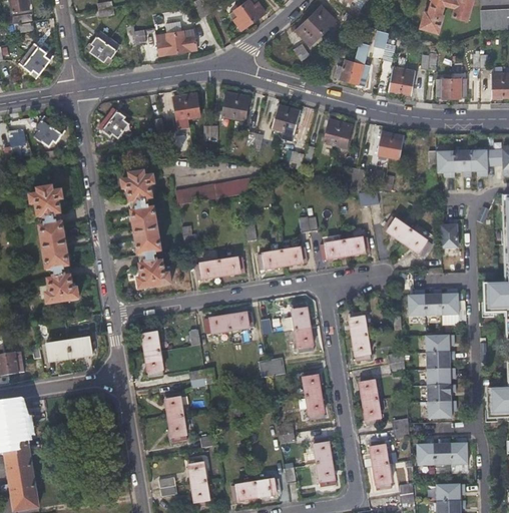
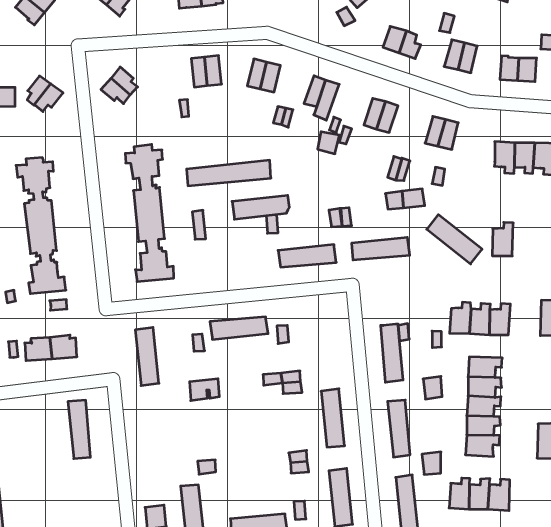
building: [195,256,244,280] -> [232,195,289,219]
building: [283,303,314,352] -> none
building: [164,392,186,442] -> [68,400,90,459]

